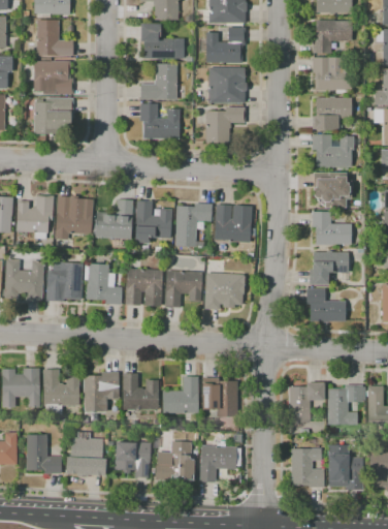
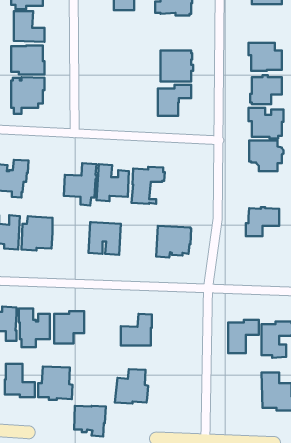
building: [313,19,352,53] -> none
building: [140,23,185,59] -> none
building: [206,27,246,62] -> none
building: [140,63,177,99] -> none
building: [140,103,180,138] -> none
building: [56,195,94,239] -> none
building: [215,204,253,242] -> none
building: [313,211,352,244] -> none
building: [85,262,123,304] -> none
building: [165,270,202,307] -> none
building: [306,287,346,321] -> none
building: [123,373,159,409] -> none
building: [203,377,238,416] -> none
building: [115,441,152,477] -> [74,406,106,437]
building: [200,444,241,481] -> none
building: [292,447,325,485] -> none

